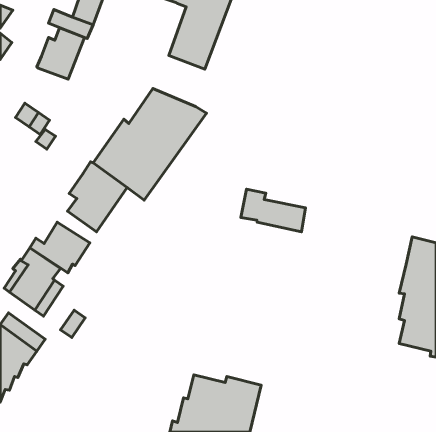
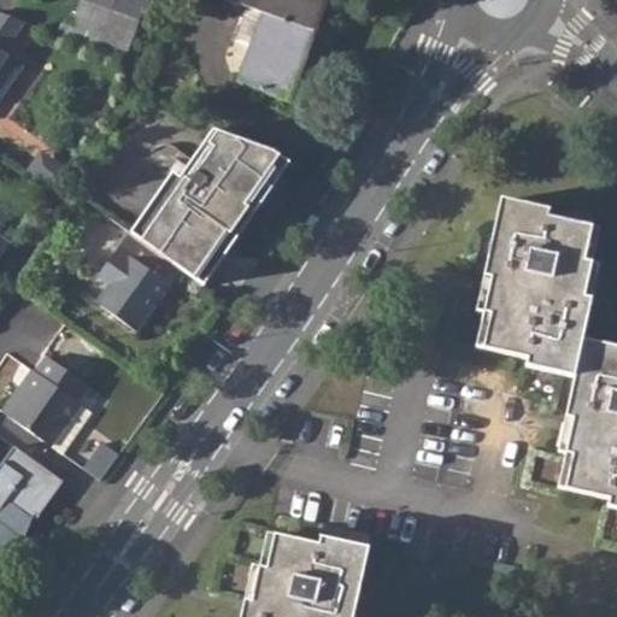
building: [37,28,85,79] -> none
building: none -> [482,196,592,374]
building: [241,189,306,232] -> none
building: [30,222,90,273] -> none

